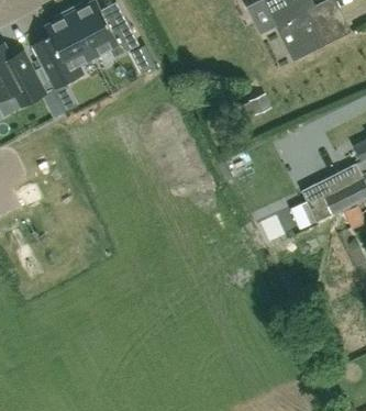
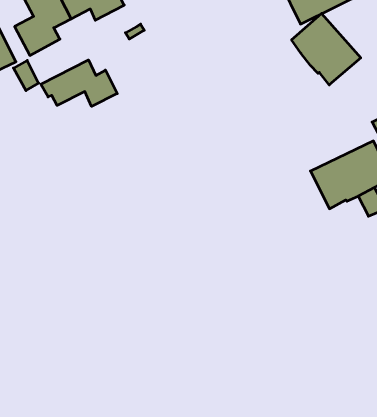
building: none -> [292,13,361,85]
building: none -> [41,60,117,106]

